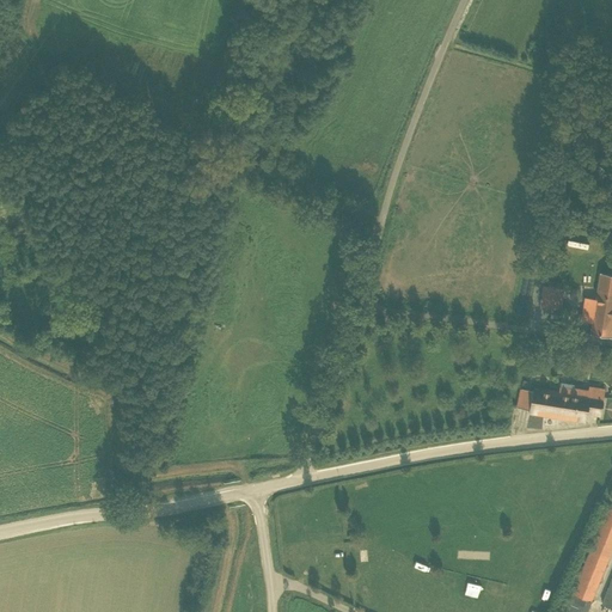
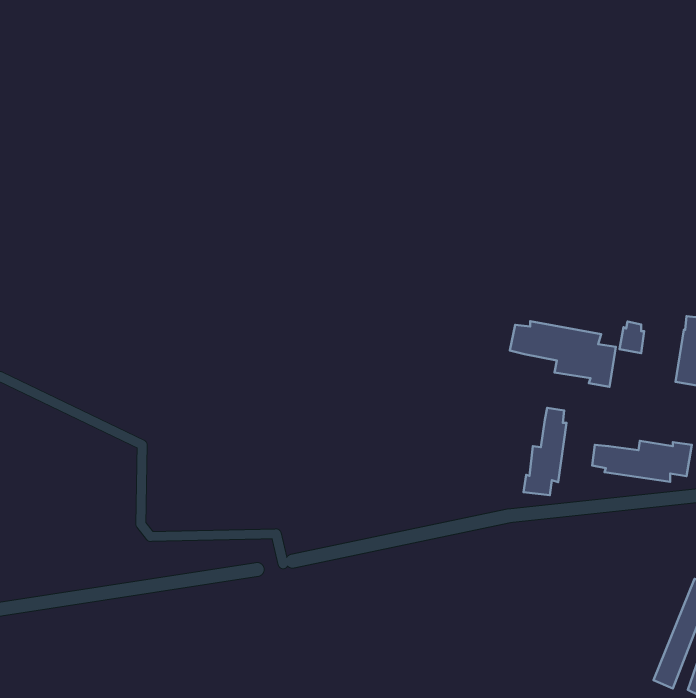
building: none -> [510,321,616,387]
building: none -> [524,408,567,495]

